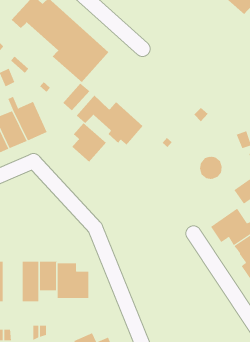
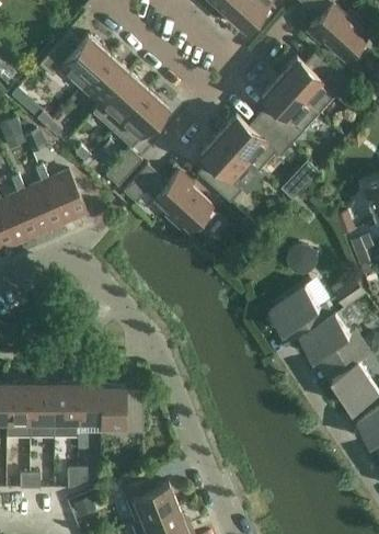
building: none -> [198,52,348,203]
building: [71,122,107,162] -> none
building: none -> [269,285,337,339]
building: none -> [30,384,54,438]

